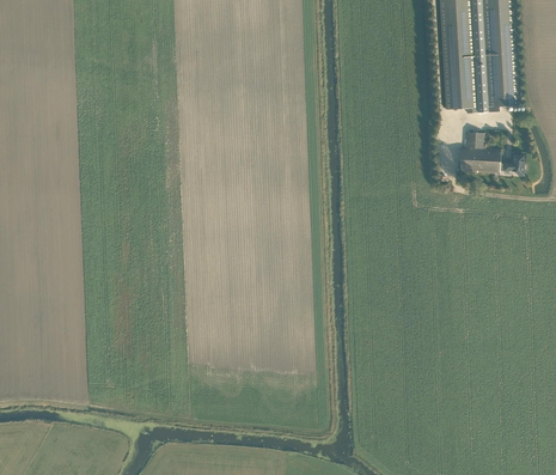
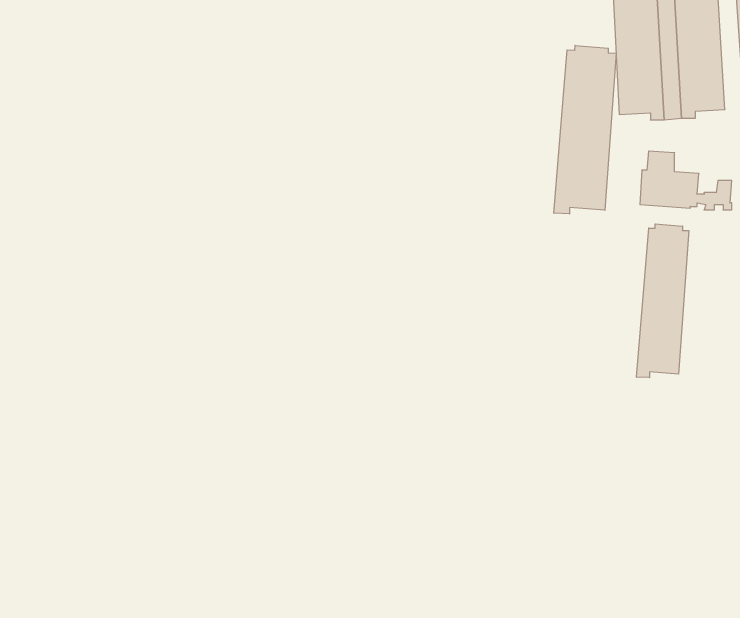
building: none -> [554,45,616,214]
building: none -> [637,224,689,378]

